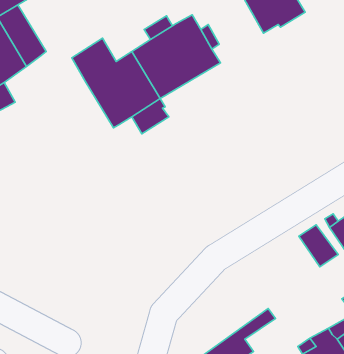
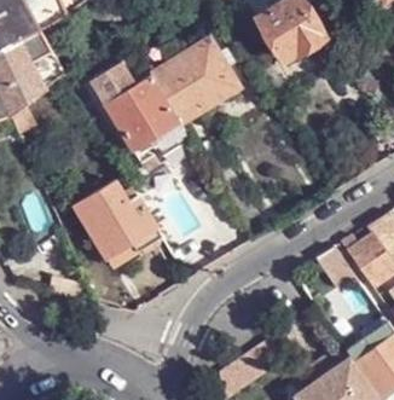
building: none -> [73,180,161,266]

